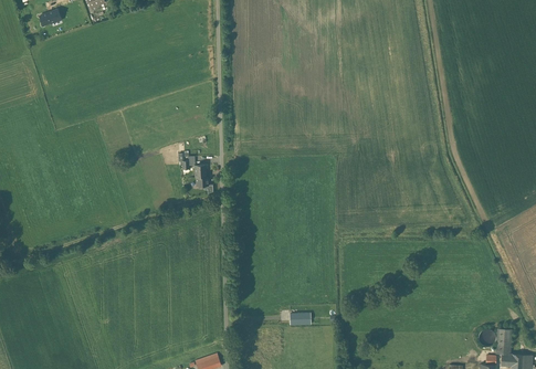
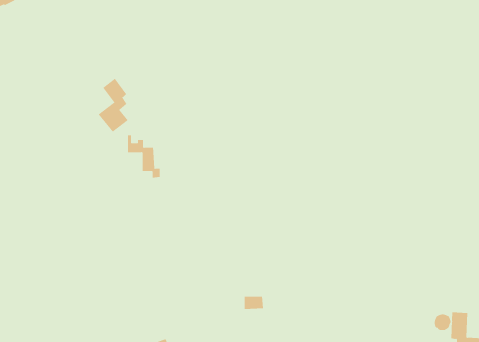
building: none -> [98,78,128,133]

